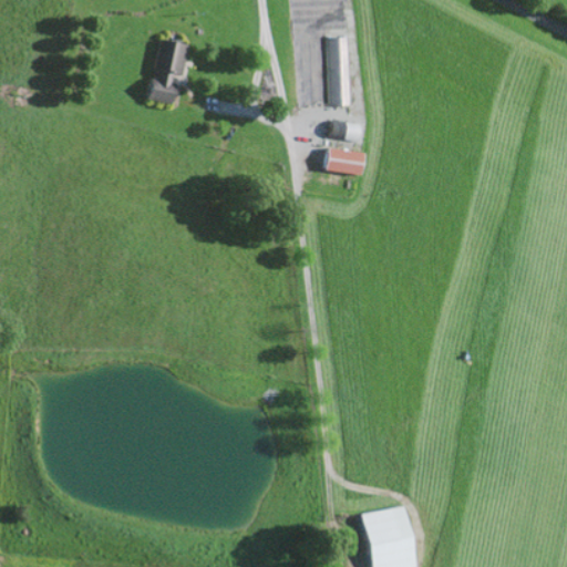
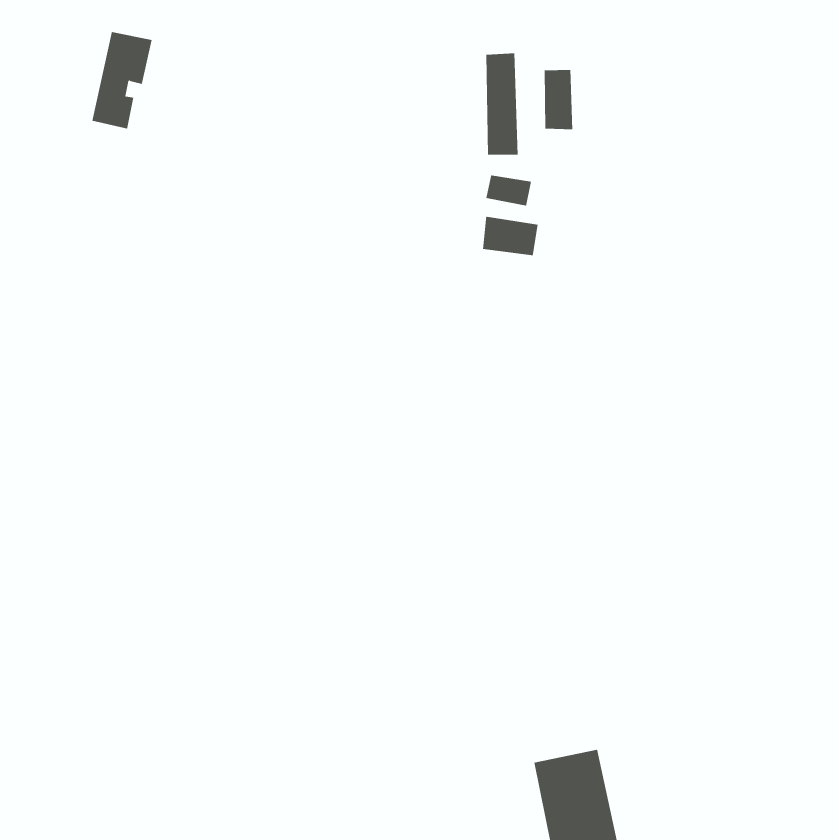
building: [148,39,189,104] -> [91,32,152,129]
building: none -> [544,69,573,130]

